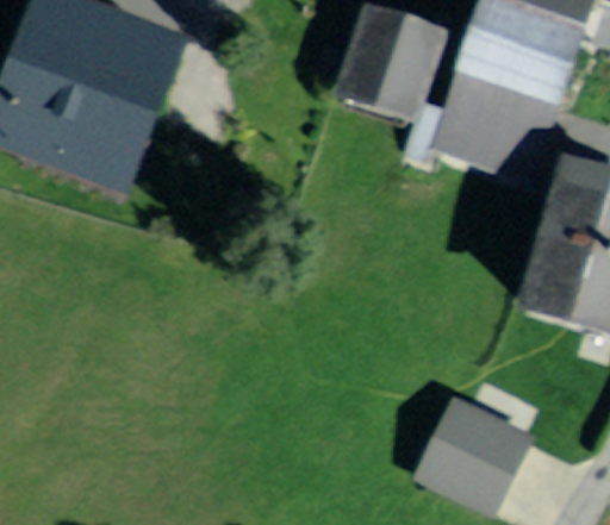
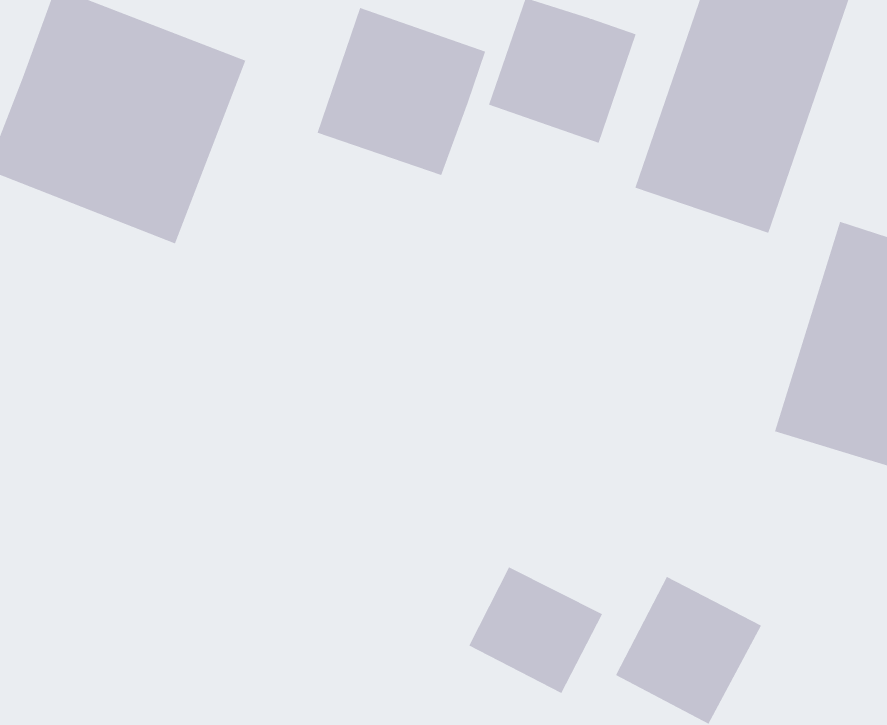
building: none -> [317,7,486,176]
building: none -> [469,567,603,694]

